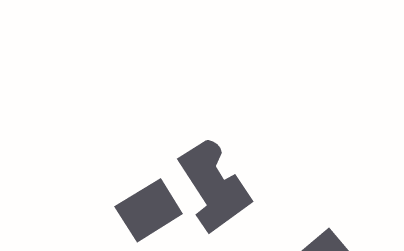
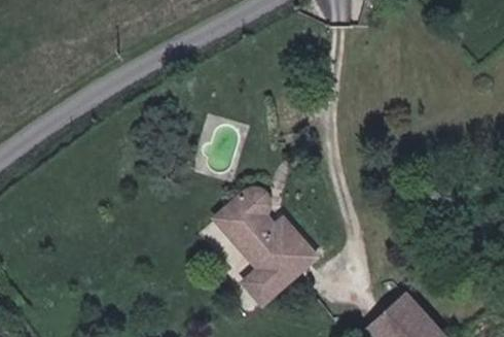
building: [113,177,184,244] -> none

